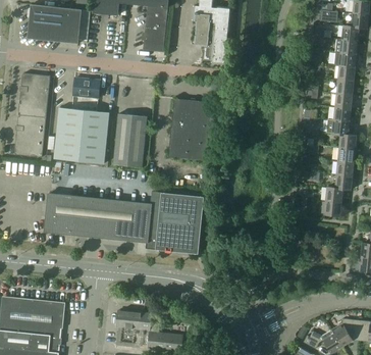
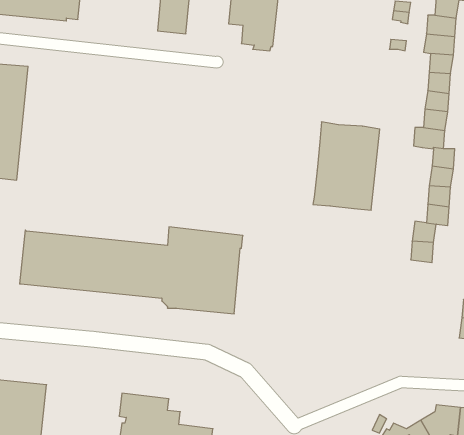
building: [72,78,100,98] -> none
building: [167,98,215,161] -> [313,122,380,210]
building: [54,107,109,163] -> none
building: [113,113,147,167] -> none

